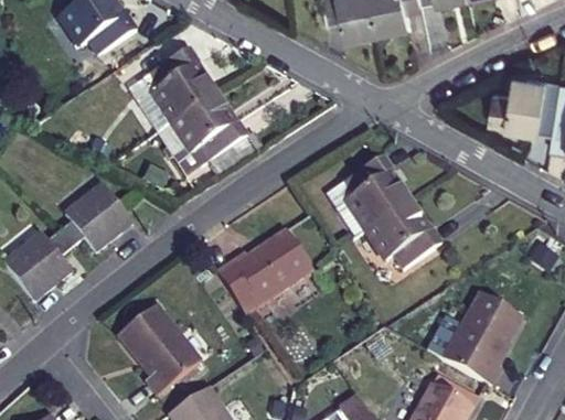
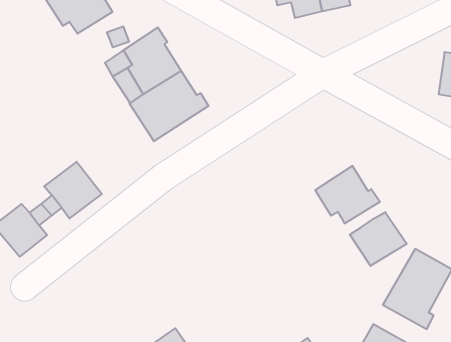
building: [344,158,409,233] -> none
building: [213,227,311,313] -> none
building: none -> [350,212,407,266]
building: [118,306,200,395] -> none

